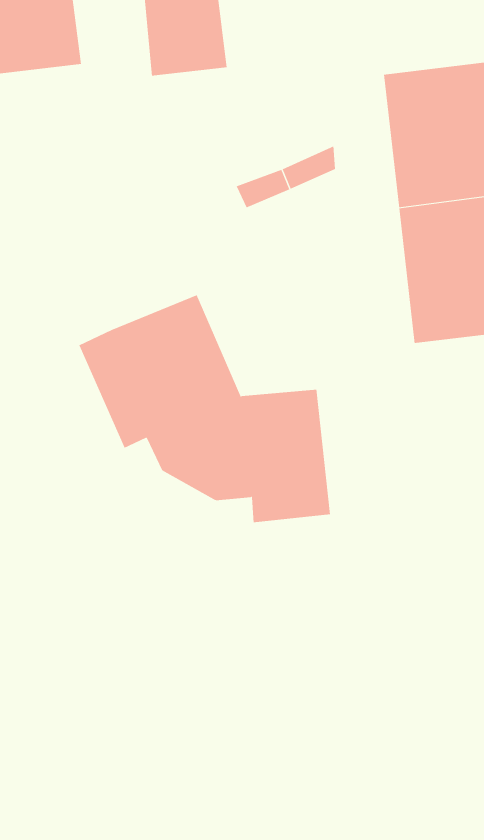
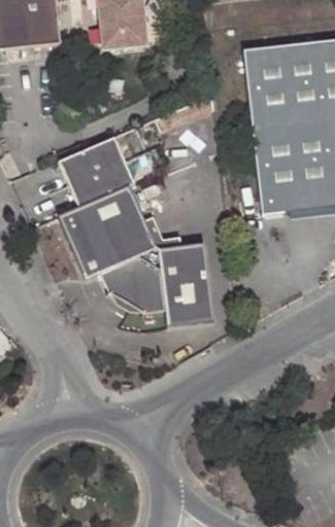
building: none -> [58,136,133,205]

